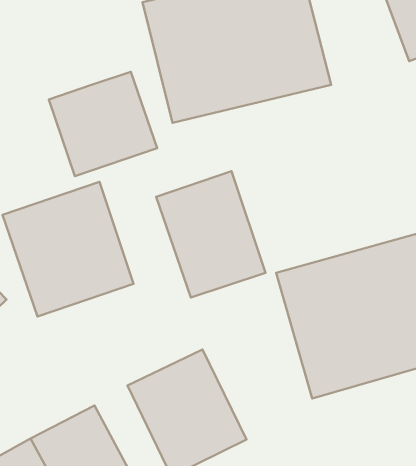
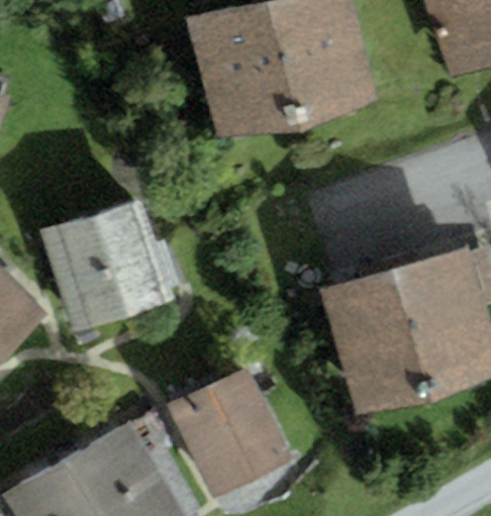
building: [49,72,157,176] -> none
building: [156,171,266,298] -> none

